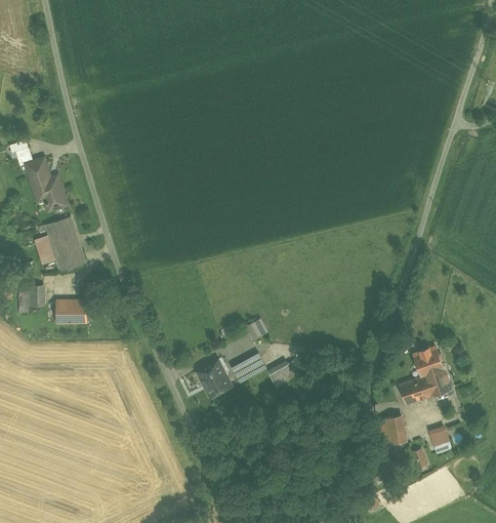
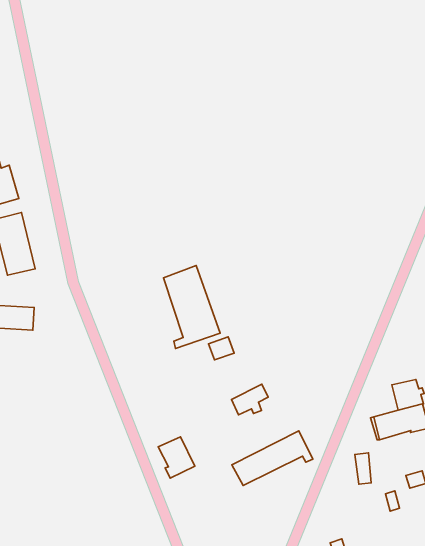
building: none -> [163,266,220,348]
building: [232,353,266,383] -> none
building: [199,360,233,398] -> [158,437,195,478]
building: none -> [232,431,313,485]

